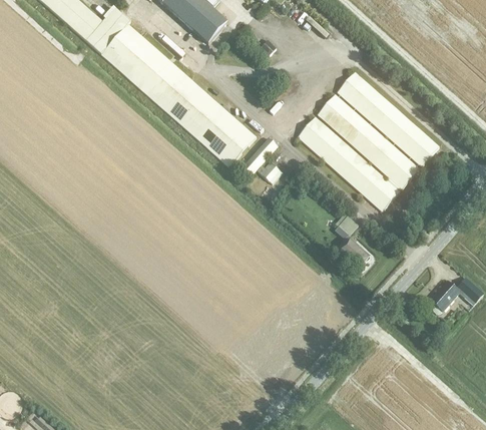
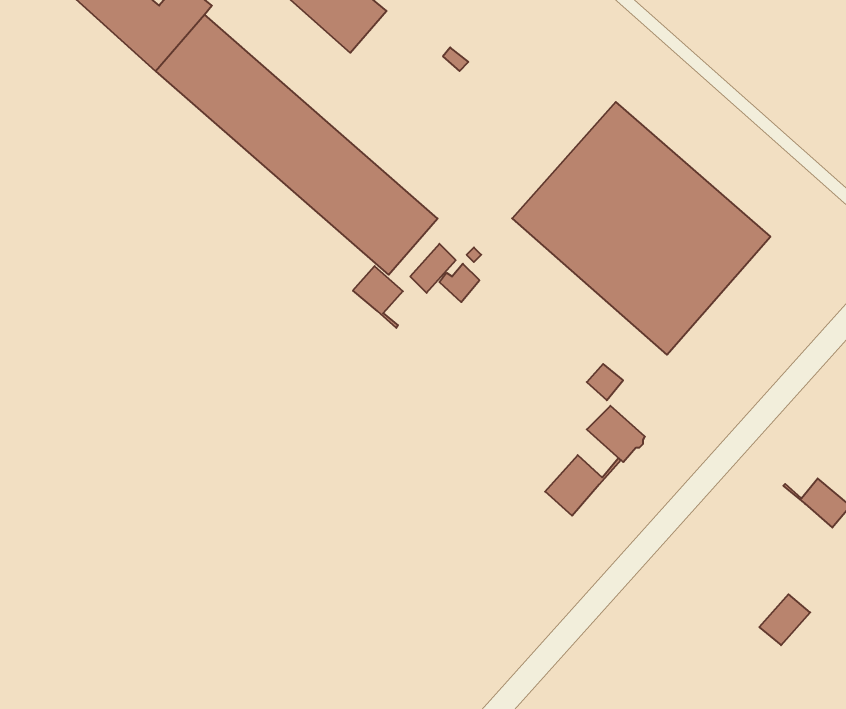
building: none -> [353,266,403,328]
building: none -> [545,455,621,516]
building: [430,284,458,312] -> [759,594,810,645]

